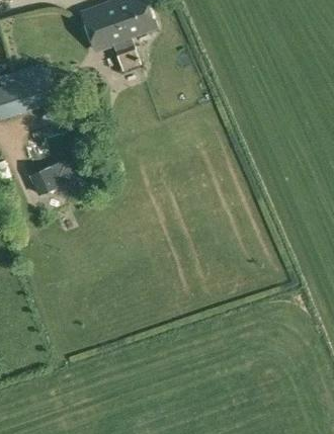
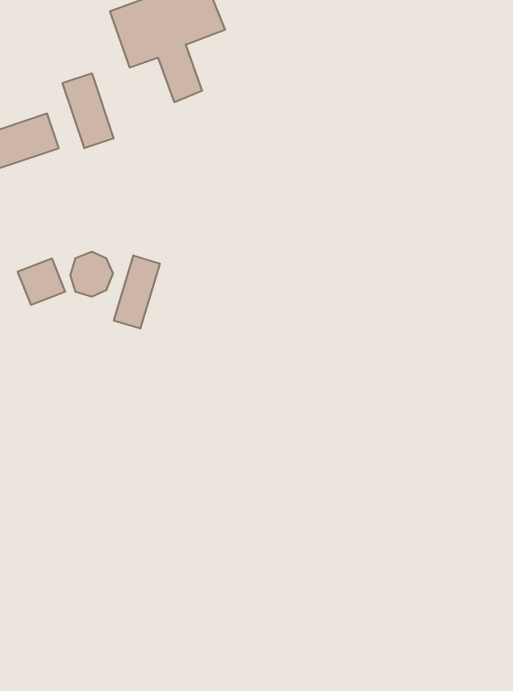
building: none -> [63,73,114,148]
building: none -> [114,255,160,329]

